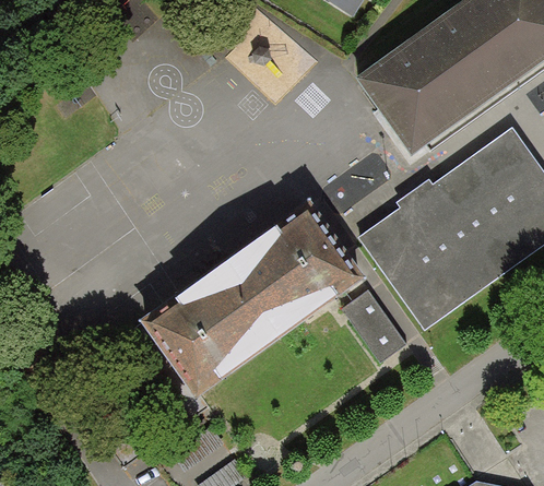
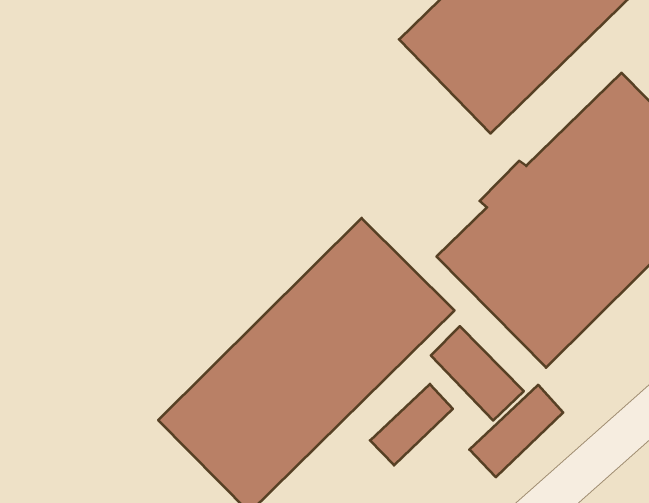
building: none -> [370,384,453,465]
building: none -> [469,385,563,477]

